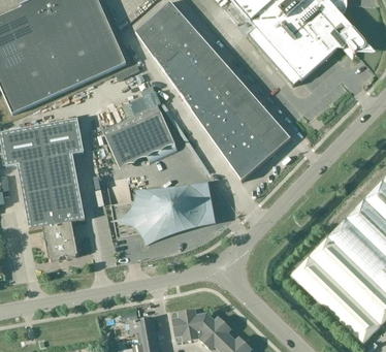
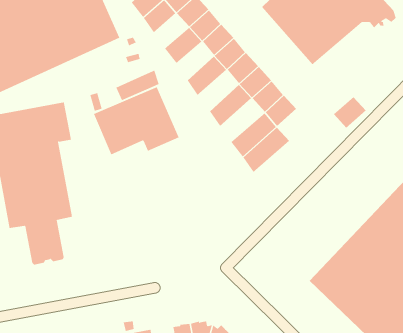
building: [155,40,186,71] -> none
building: [174,65,207,99] -> none
building: [193,90,229,126] -> none
building: [213,115,252,153] -> none
building: [262,124,291,152] -> [333,96,366,128]
building: [111,187,208,236] -> none

